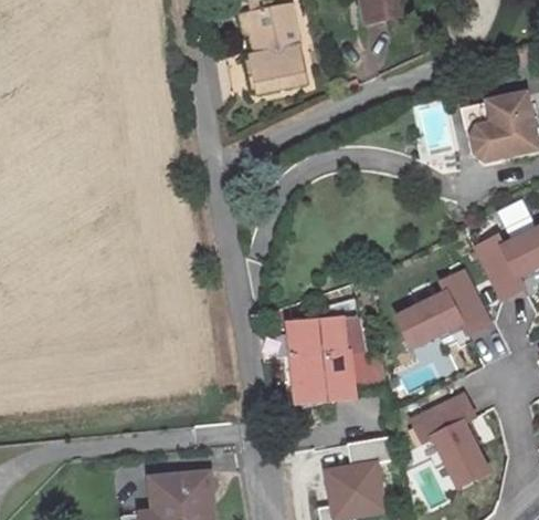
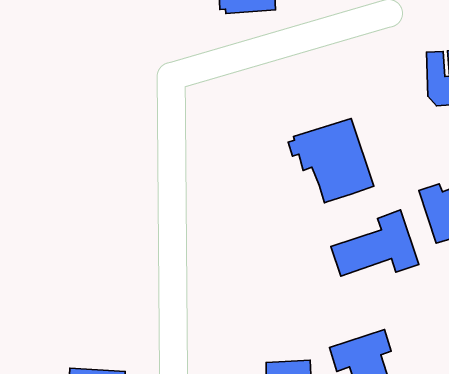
building: none -> [288,119,374,203]
building: [289,301,364,399] -> none

